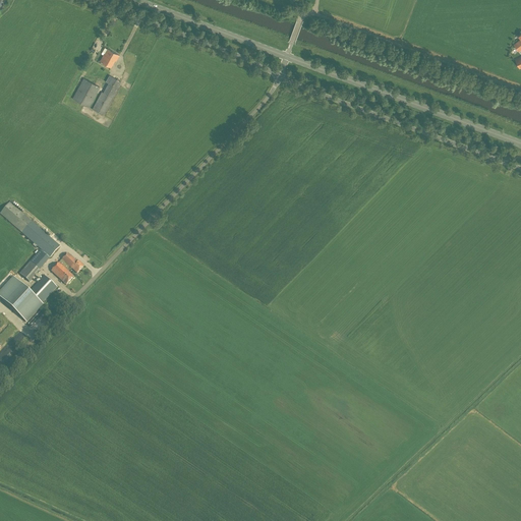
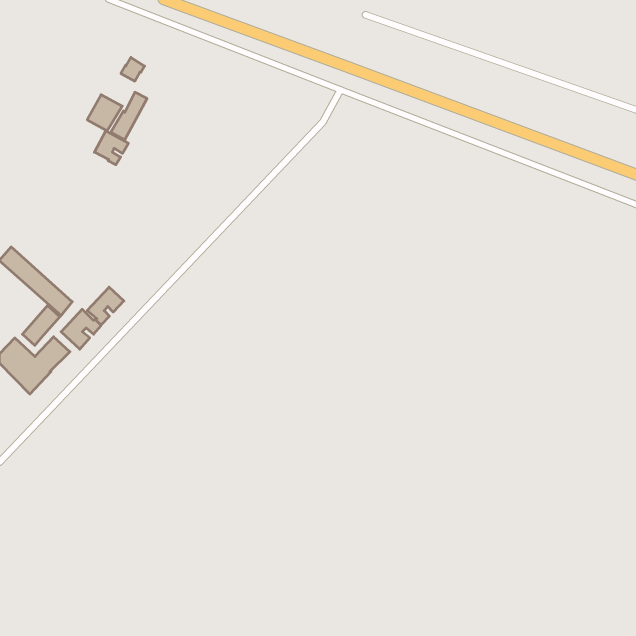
building: none -> [94,131,128,165]
building: none -> [87,287,124,325]

